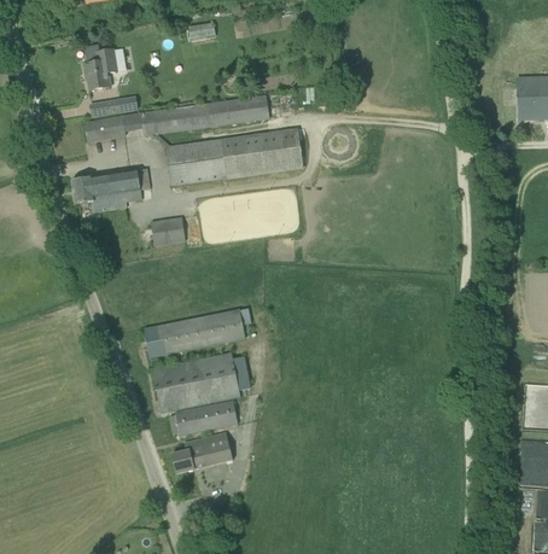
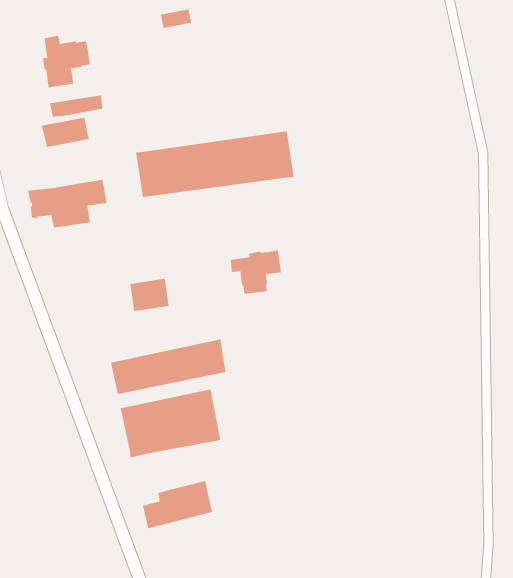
building: [141,94,269,145] -> none
building: [151,216,186,245] -> [129,278,170,312]
building: none -> [230,250,281,295]
building: [169,400,238,435] -> none

